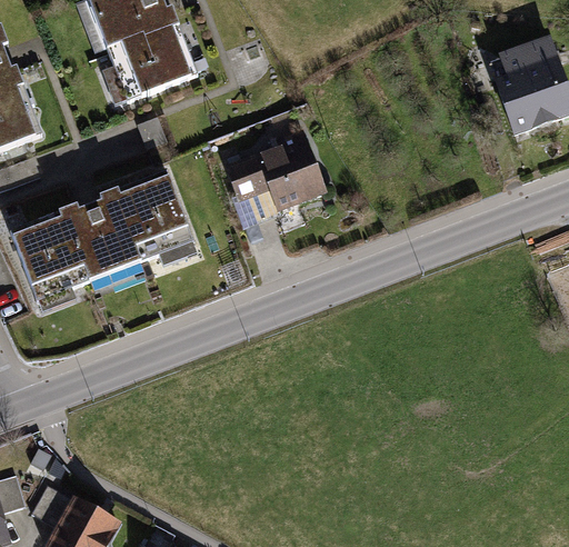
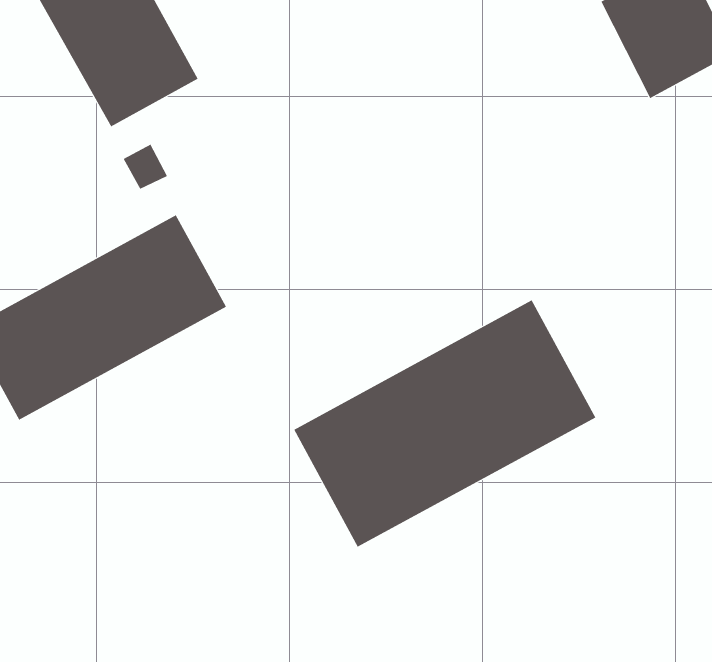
building: [222,136,328,227] -> none
building: none -> [293,300,596,548]

